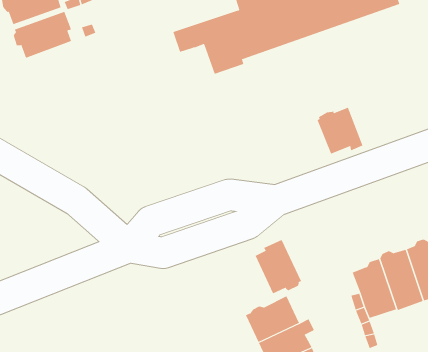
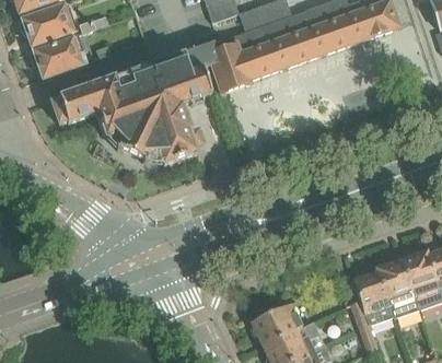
building: none -> [50,54,211,165]
building: [317,107,363,155] -> none
building: [255,239,302,294] -> none

